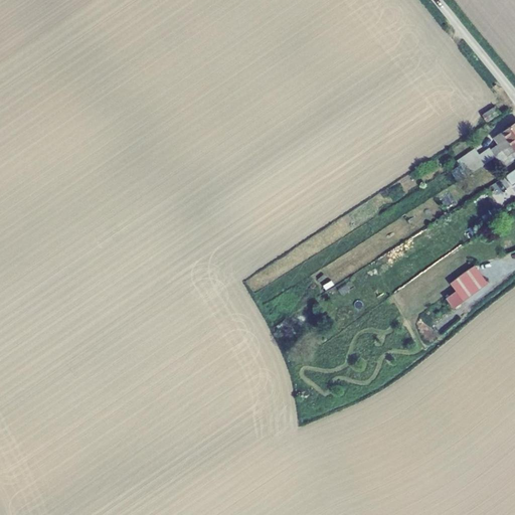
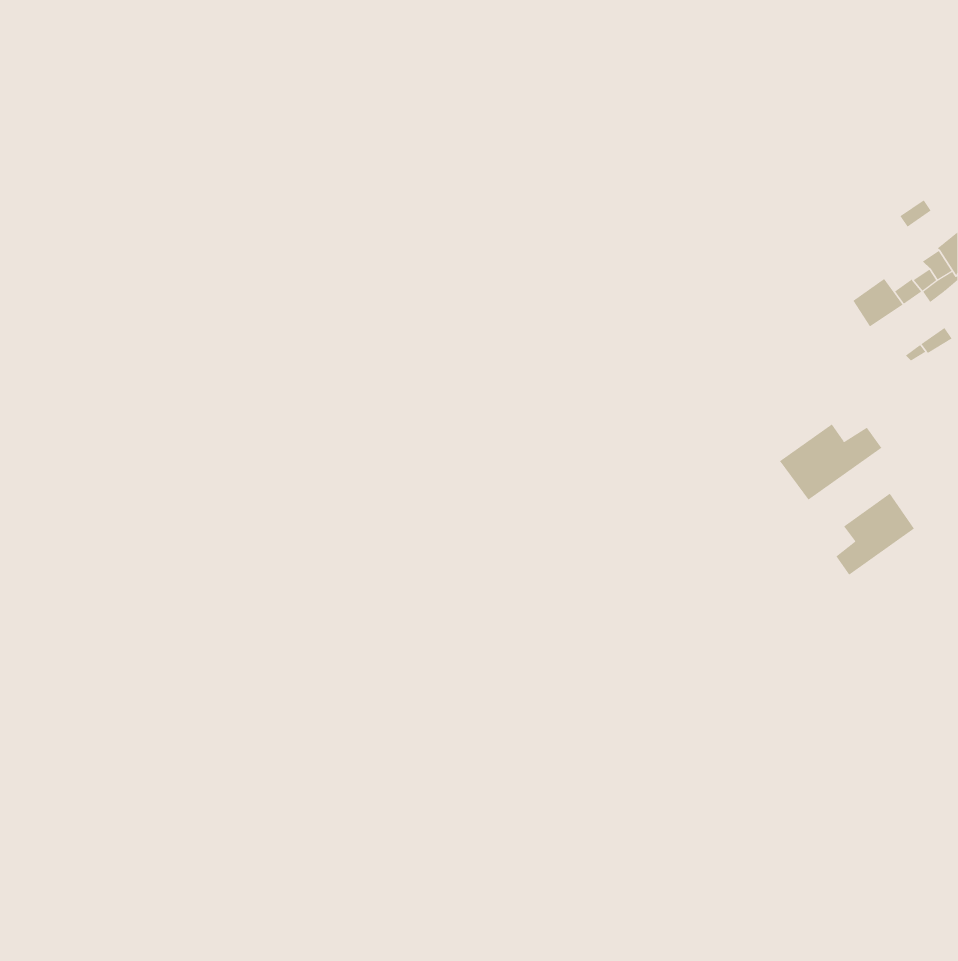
building: none -> [779,423,882,501]

